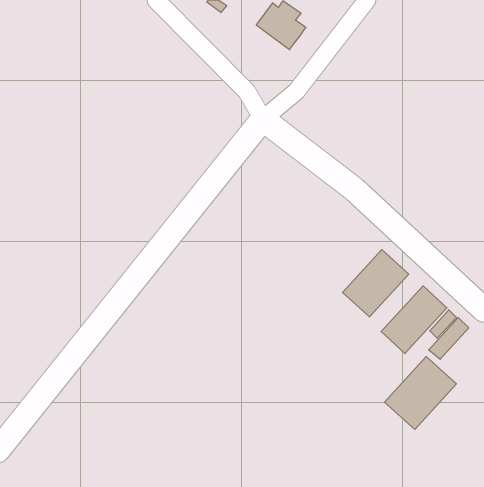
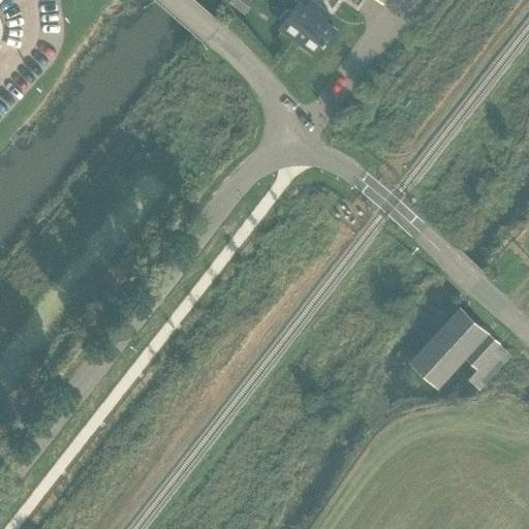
building: [343,250,409,317] -> none
building: [385,356,456,429] -> none

